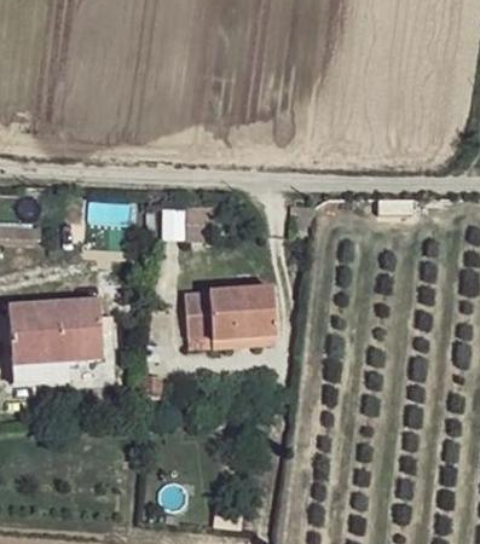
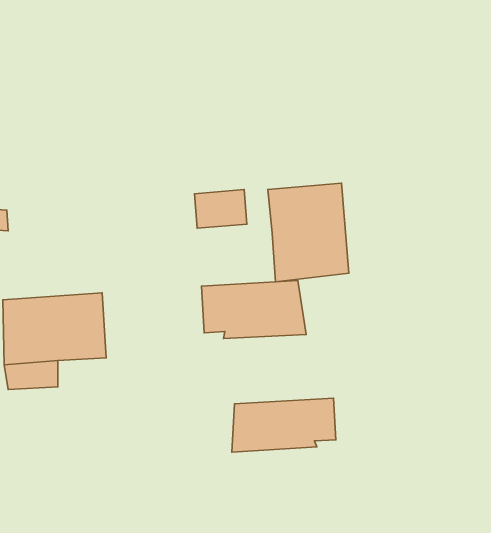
building: none -> [268,183,349,282]
building: none -> [232,398,336,452]

